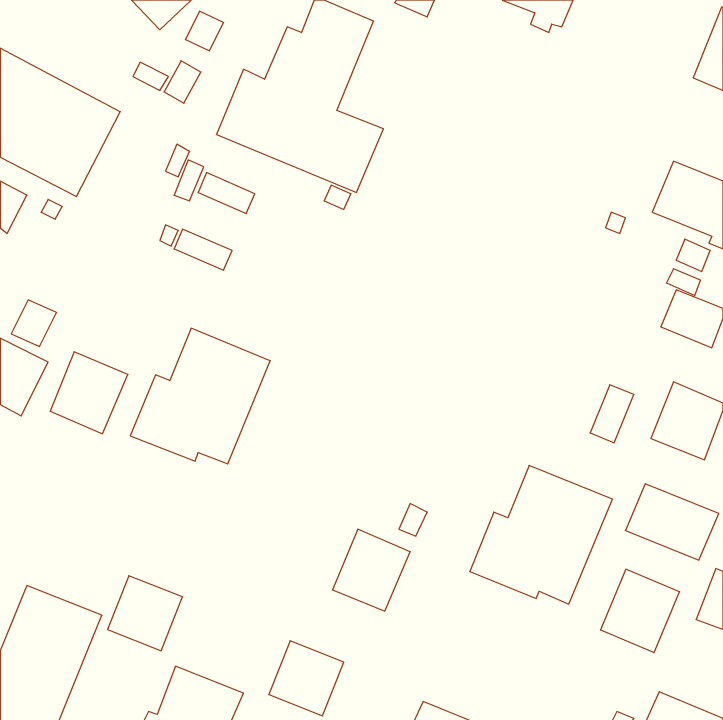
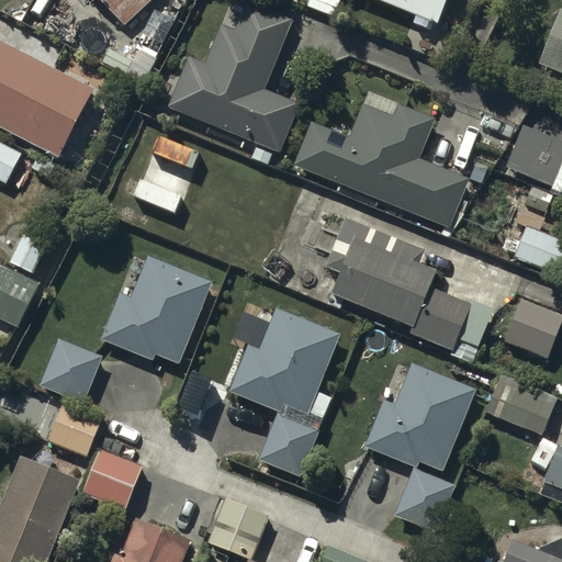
building: none -> [294,103,465,225]
building: none -> [326,218,468,350]
building: [50,352,128,434] -> [40,339,100,403]
building: none -> [229,310,339,416]
building: none -> [48,403,101,456]
building: [600,569,680,653] -> [393,468,454,532]

